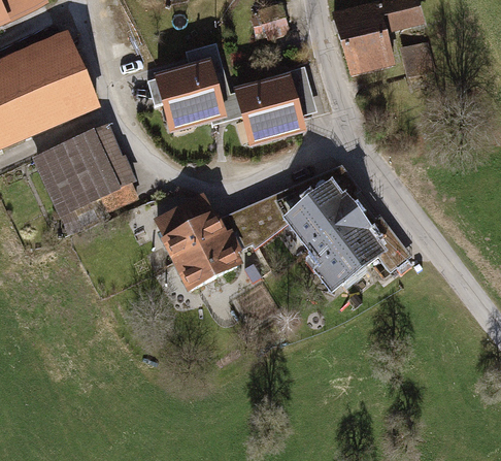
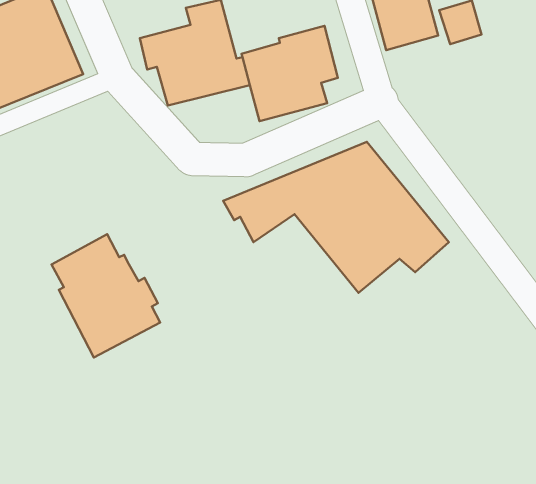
building: [32,126,134,236] -> none
building: [153,191,245,296] -> [52,234,160,357]

